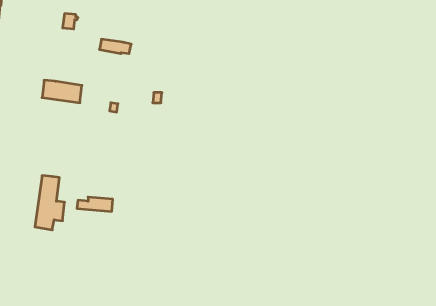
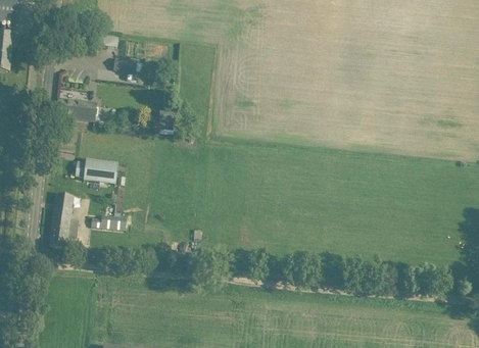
building: none -> [74,158,116,184]

